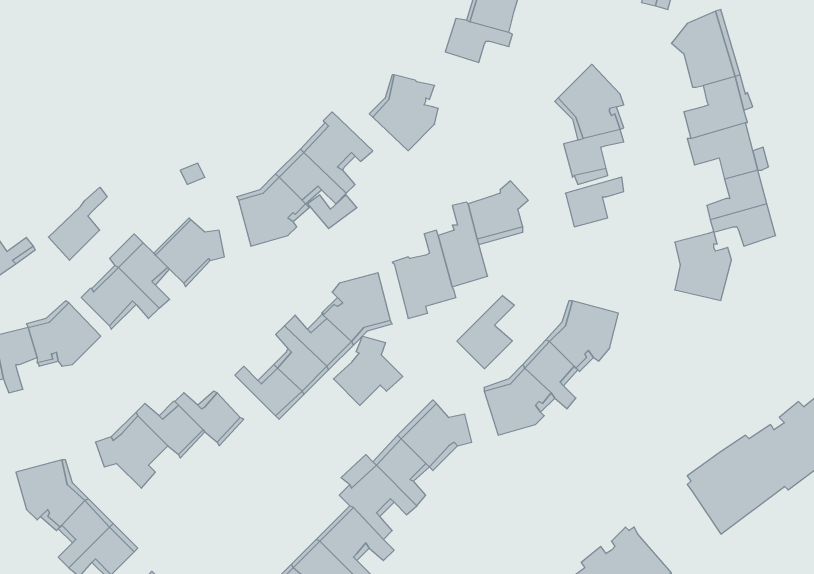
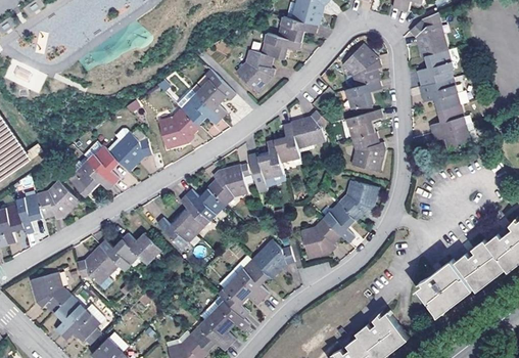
building: none -> [262,34,300,59]
building: [48,187,107,260] -> none
building: [675,232,731,300] -> [352,132,385,172]
building: [457,295,514,369] -> none
building: [333,336,403,405] -> none

